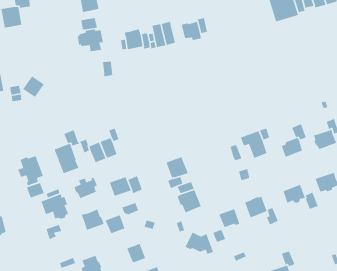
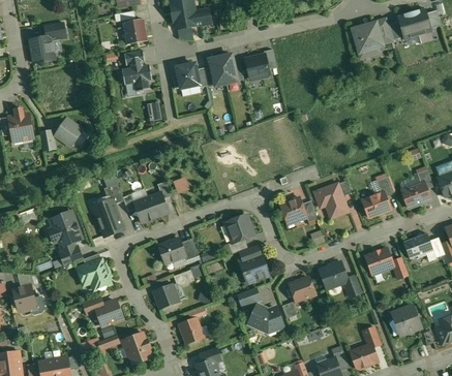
building: none -> [280,197,306,222]
building: [74,177,98,199] -> none
building: [80,208,105,231] -> [94,300,123,326]
building: none -> [393,306,420,335]

